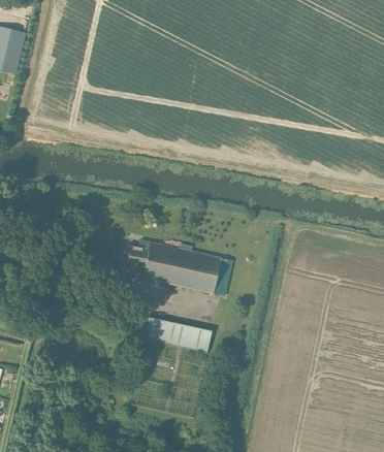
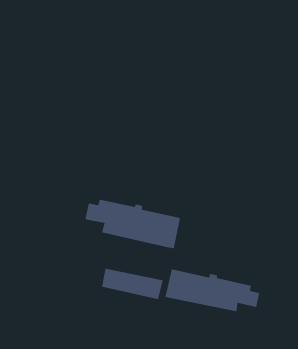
building: none -> [165,269,260,312]

